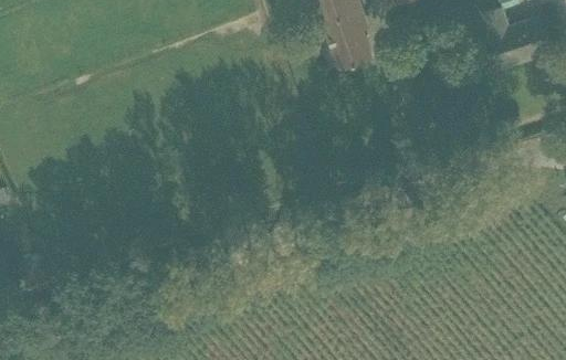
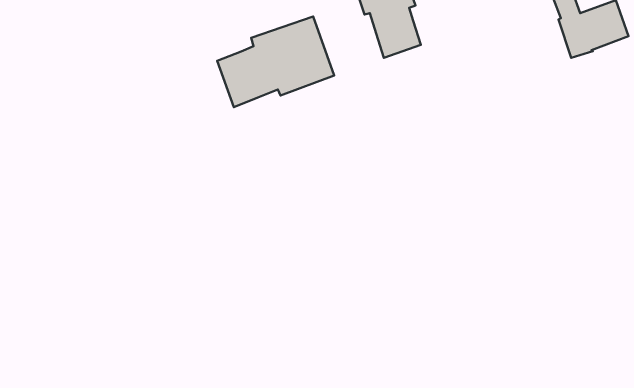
building: none -> [217,16,334,107]

